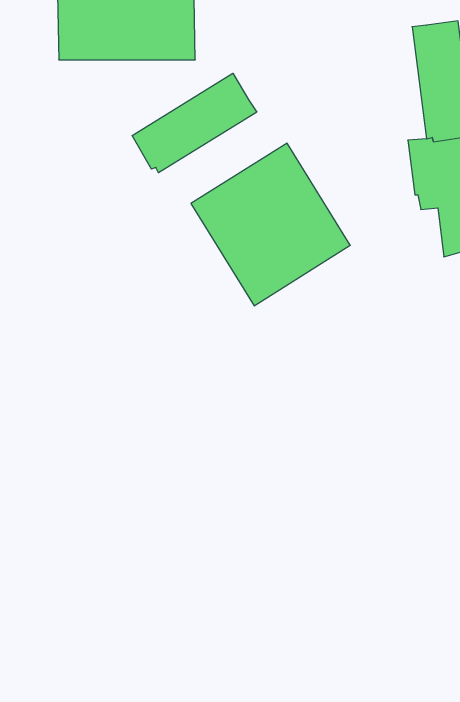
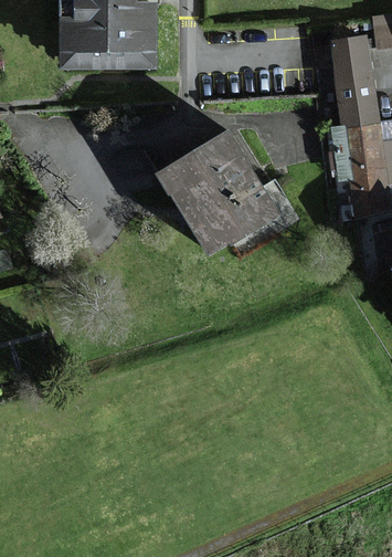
building: [132,73,257,173] -> none

